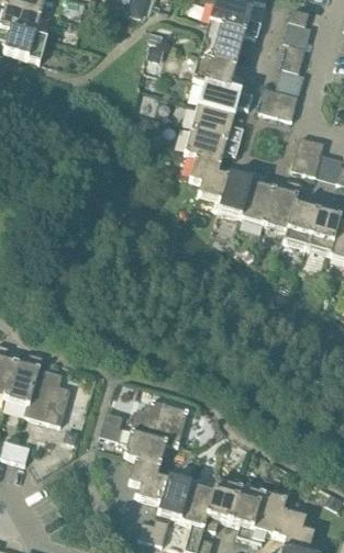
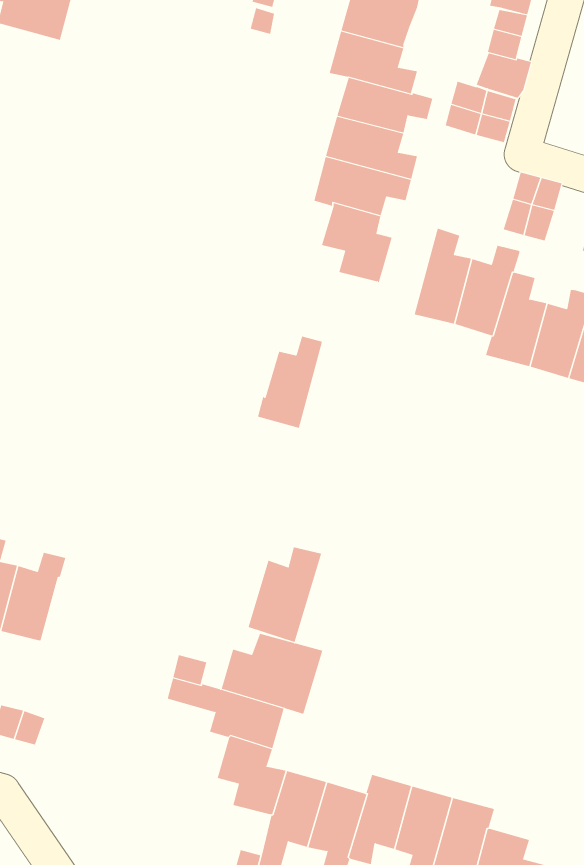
building: [217,166,254,218] -> [257,336,323,428]
building: none -> [248,547,322,643]
building: [25,368,70,425] -> none

